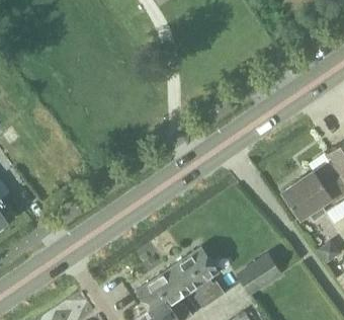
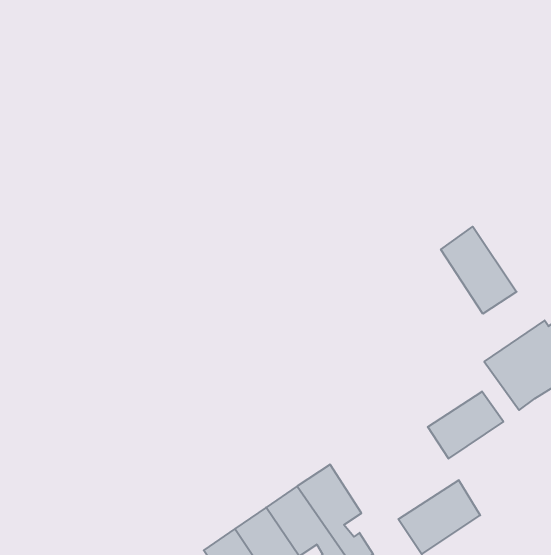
building: none -> [441,227,517,314]
building: none -> [428,391,503,459]

